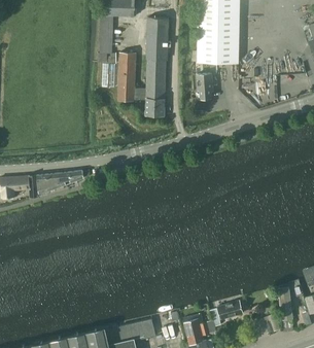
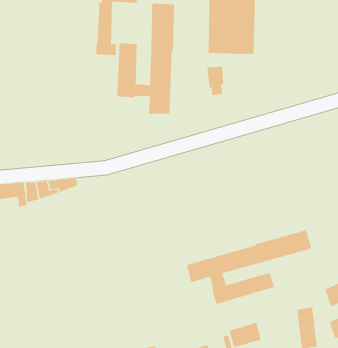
building: none -> [187,230,312,305]

